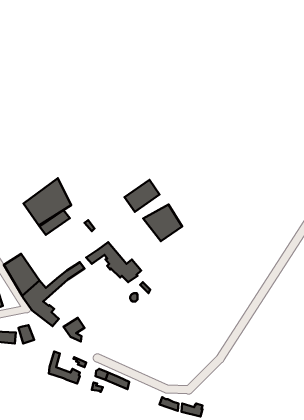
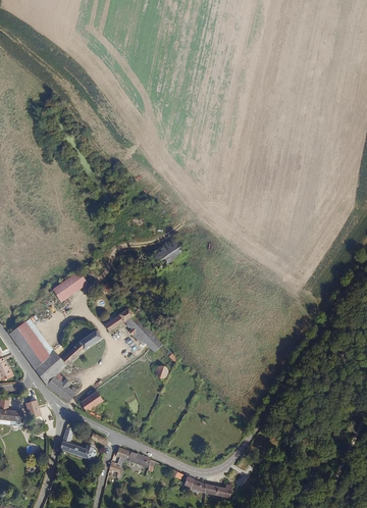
building: [24,178,71,225] -> none
building: [143,205,182,241] -> none

